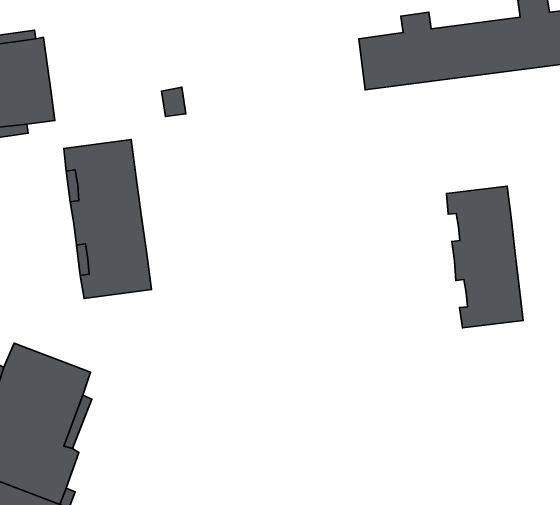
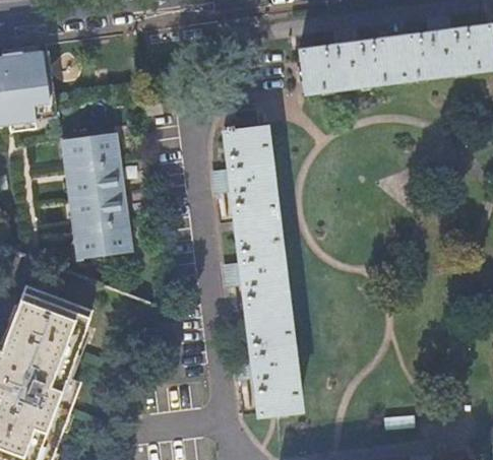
building: none -> [224,108,299,414]
building: [446,186,523,328] -> none

